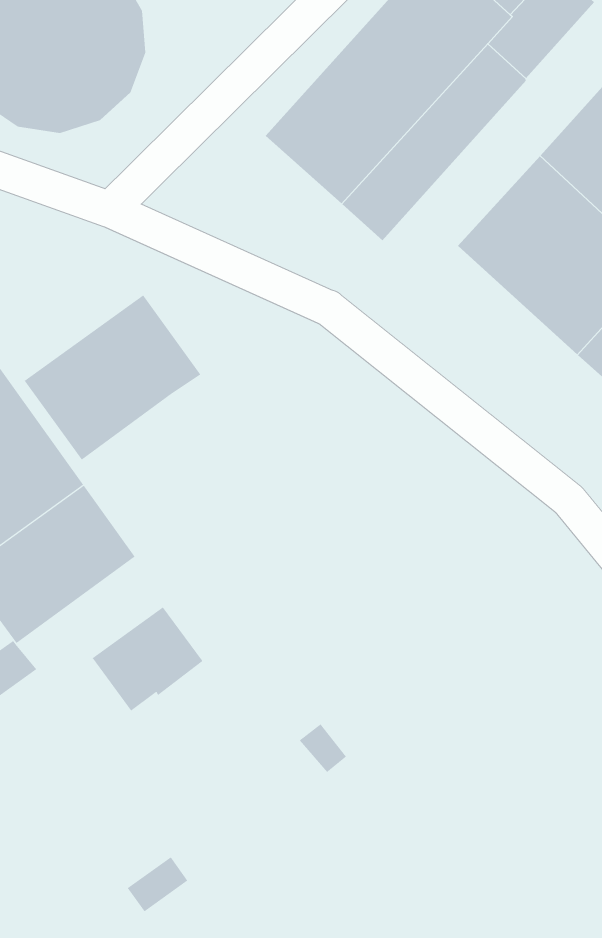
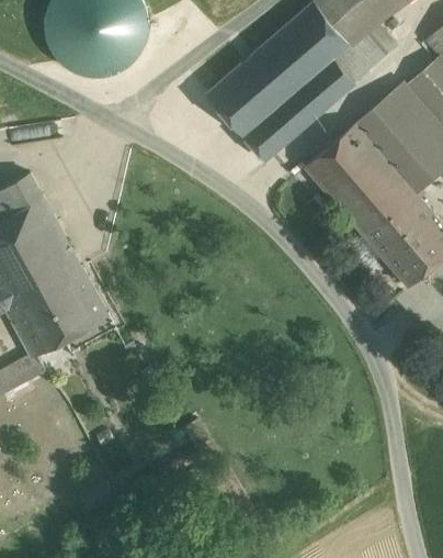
building: [24,295,201,461] -> none
building: [92,606,202,711] -> none

